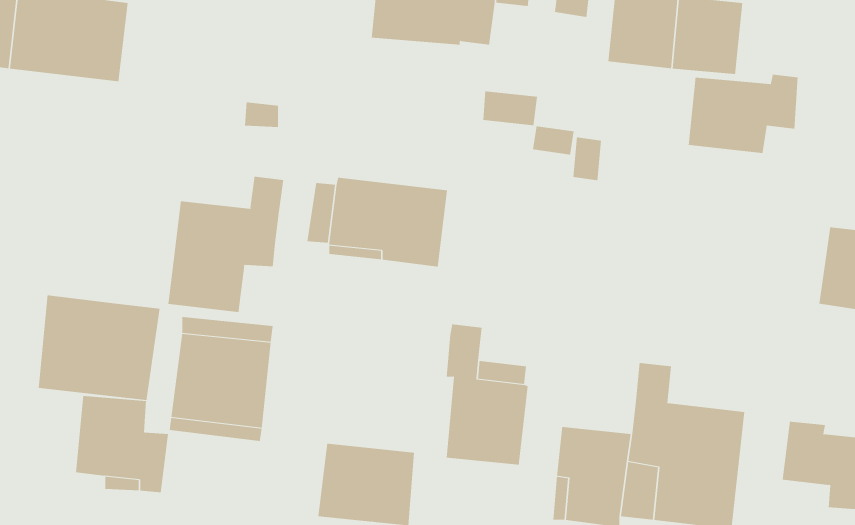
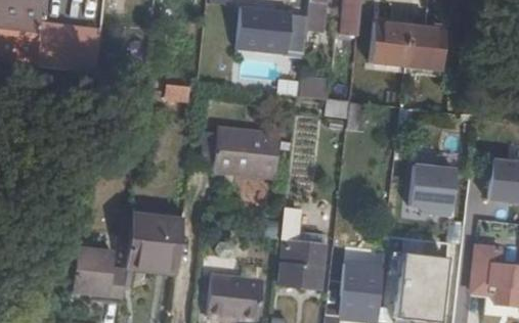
building: [688,74,798,154] -> none
building: [168,176,284,313] -> none
building: none -> [409,165,456,212]
building: [38,295,160,401] -> none

